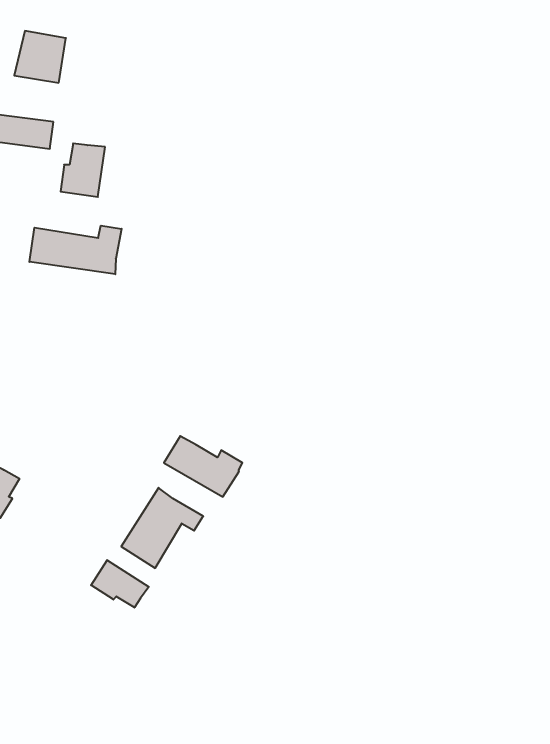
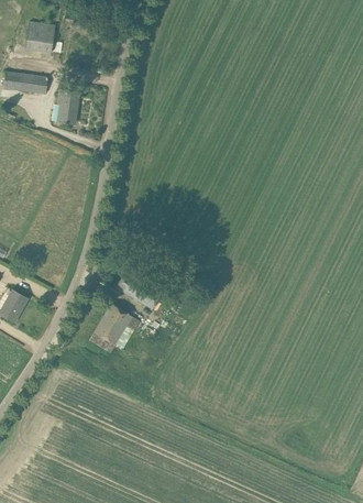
building: [29,226,122,274] -> none
building: [91,560,149,608] -> none

